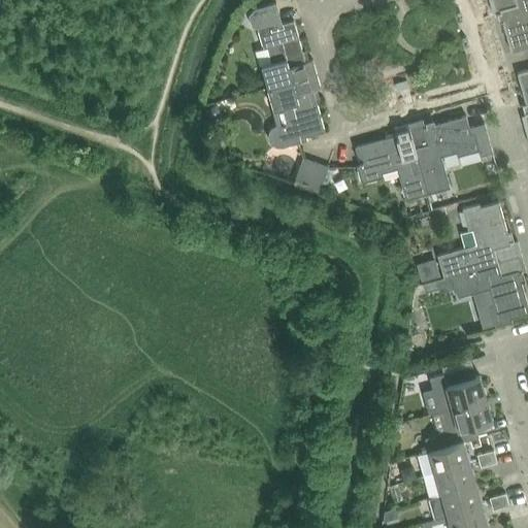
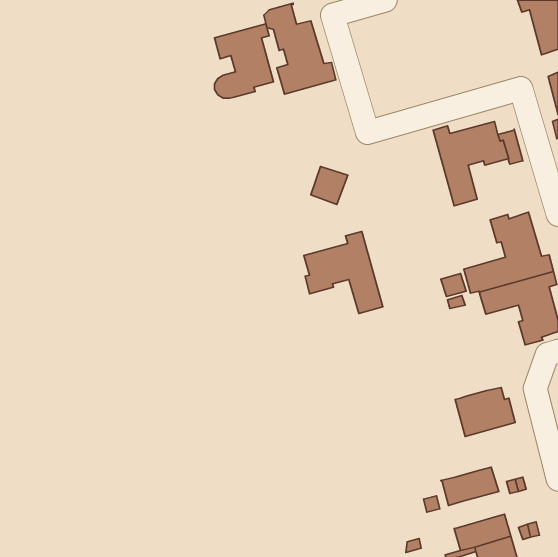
building: [268,77,324,147] -> [215,24,274,98]
building: [354,125,428,202] -> [304,231,383,313]
building: [438,400,492,447] -> none
building: [423,465,475,500] -> none

